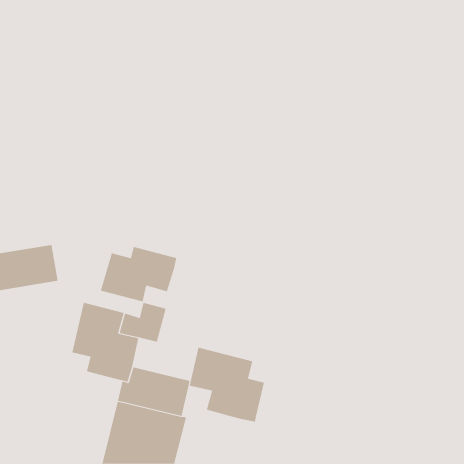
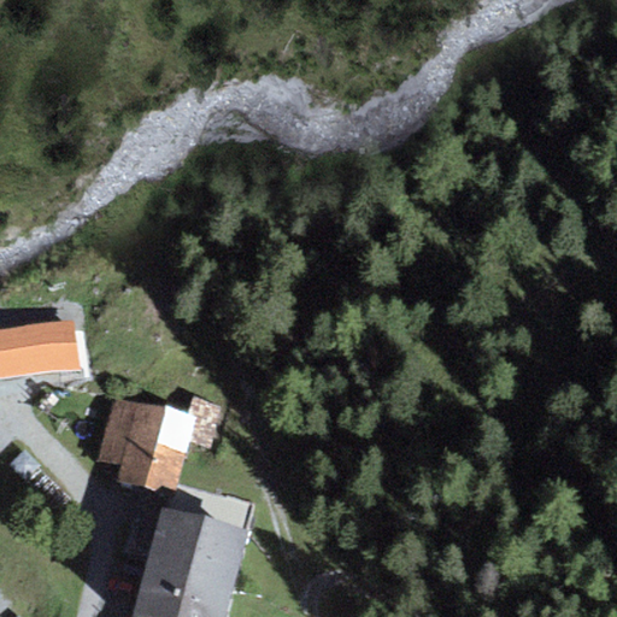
building: [100,246,177,302] -> none
building: [189,347,265,422] -> none

